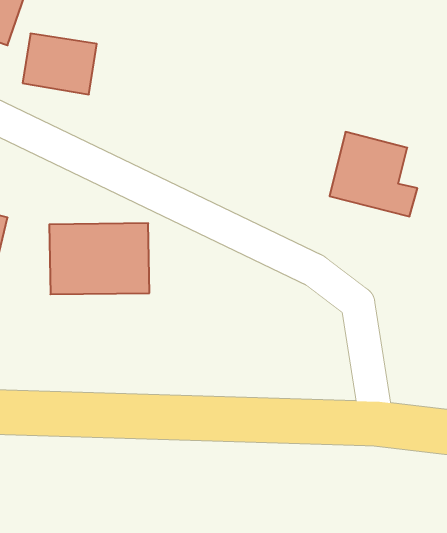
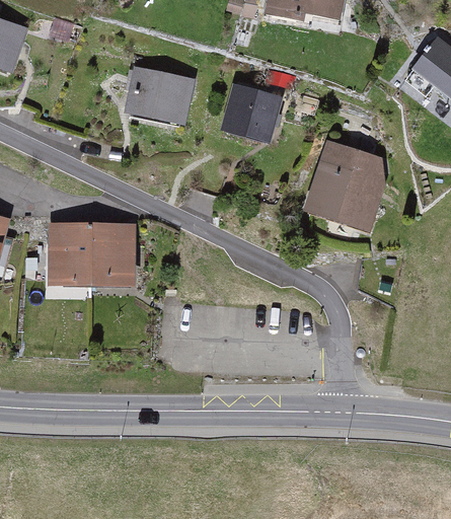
building: [23,34,97,94] -> [124,66,191,121]
building: none -> [218,81,282,139]

